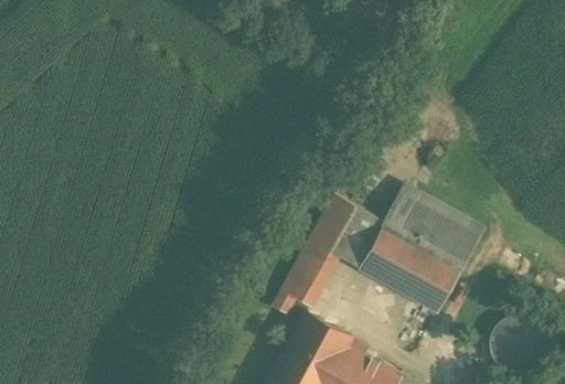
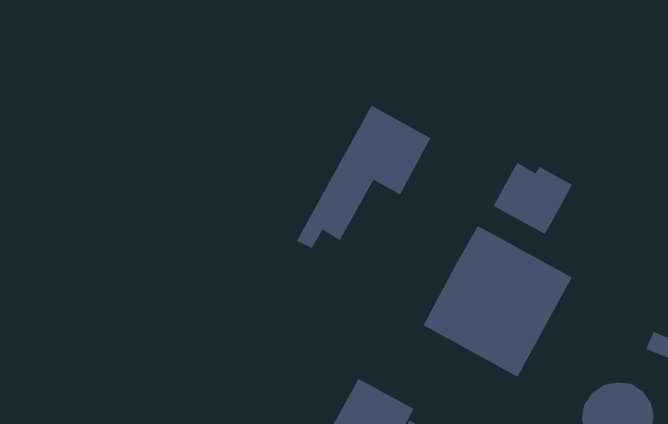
building: none -> [492,162,573,235]
building: [273,194,384,313] -> [296,104,432,249]

